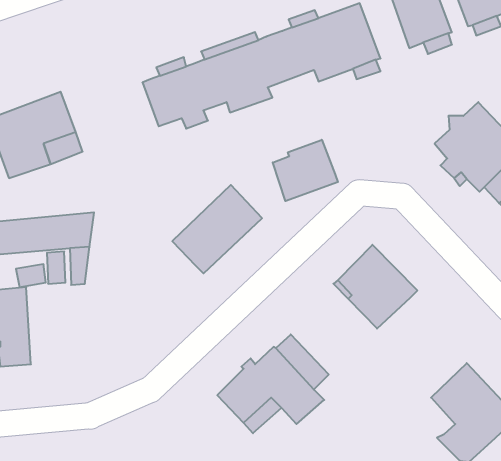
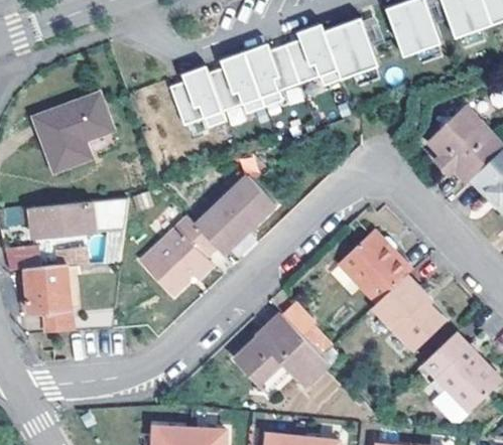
building: [273,140,338,201] -> none
building: none -> [138,215,216,295]
building: none -> [372,274,442,347]

